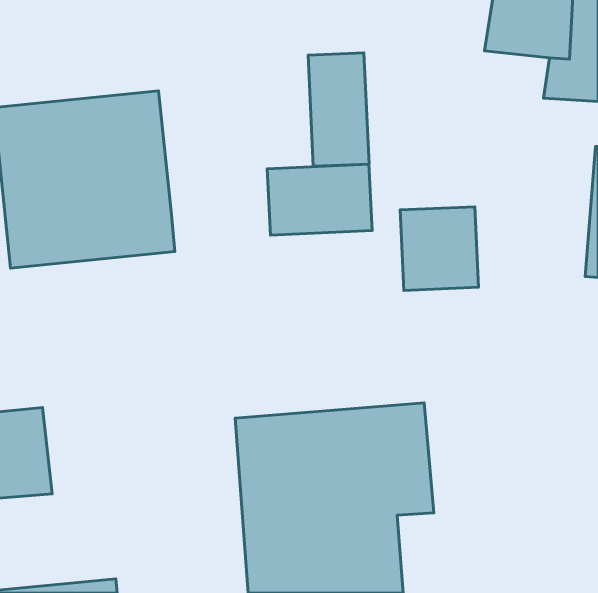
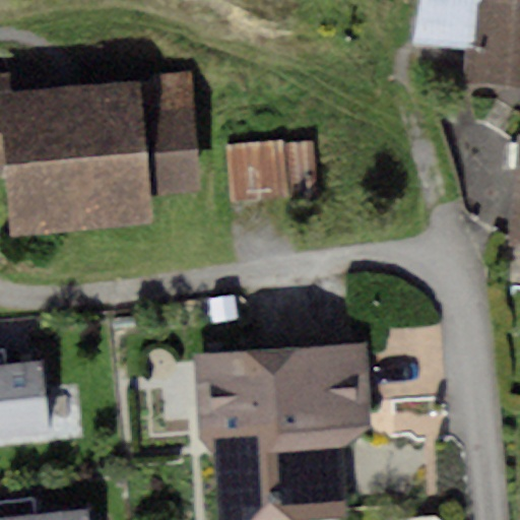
building: [308,53,369,166] -> none
building: none -> [136,73,198,185]
building: [400,207,478,290] -> none

